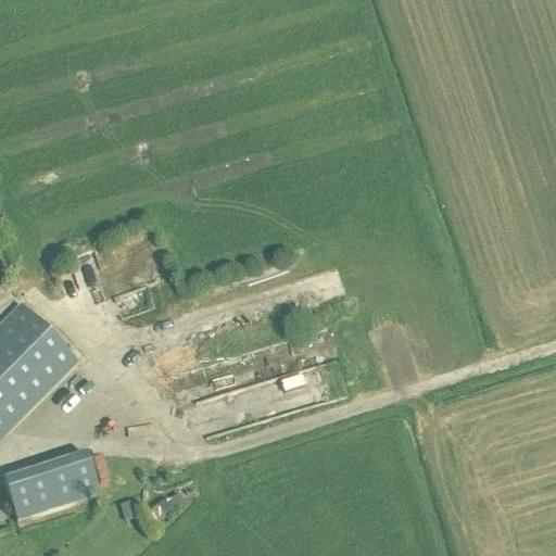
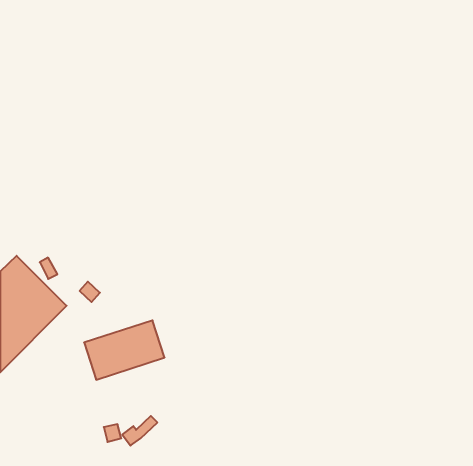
building: [4,451,99,520] -> [84,320,165,380]

